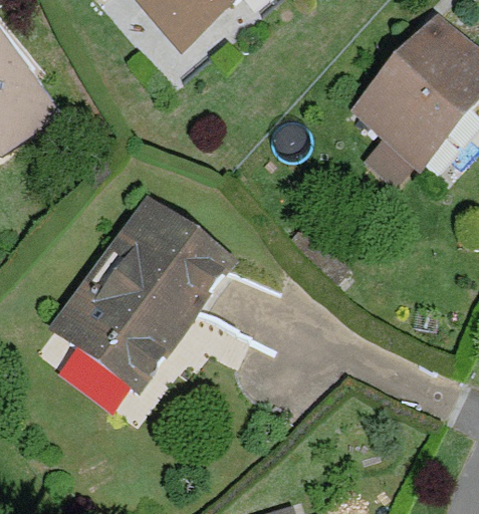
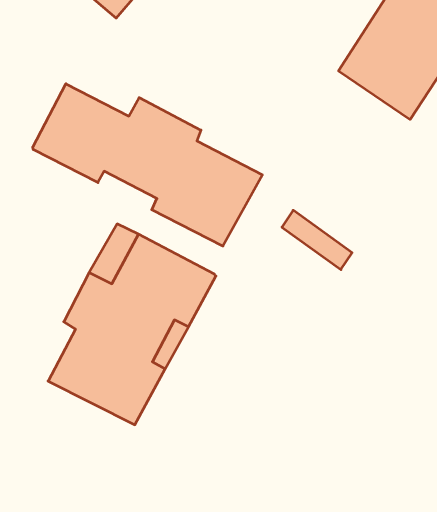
building: none -> [33,84,262,246]

